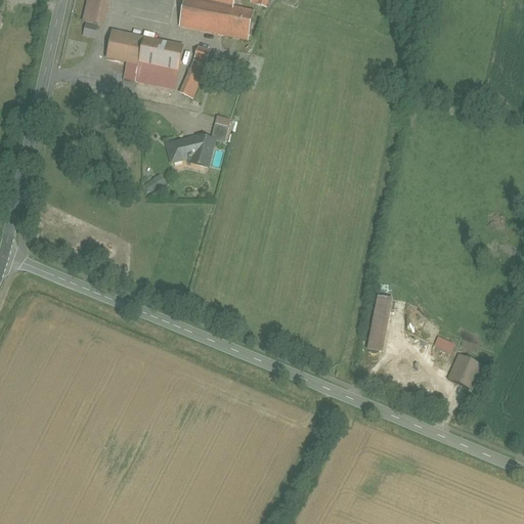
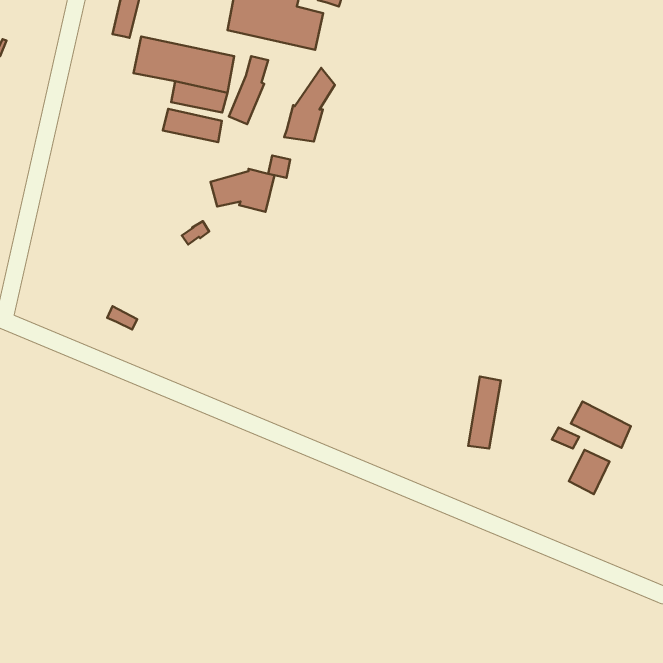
building: none -> [284,68,335,141]
building: none -> [163,109,222,142]
building: none -> [571,402,631,448]

